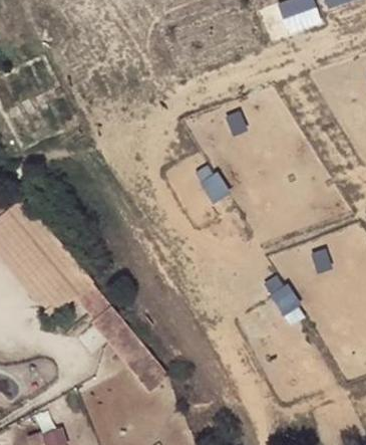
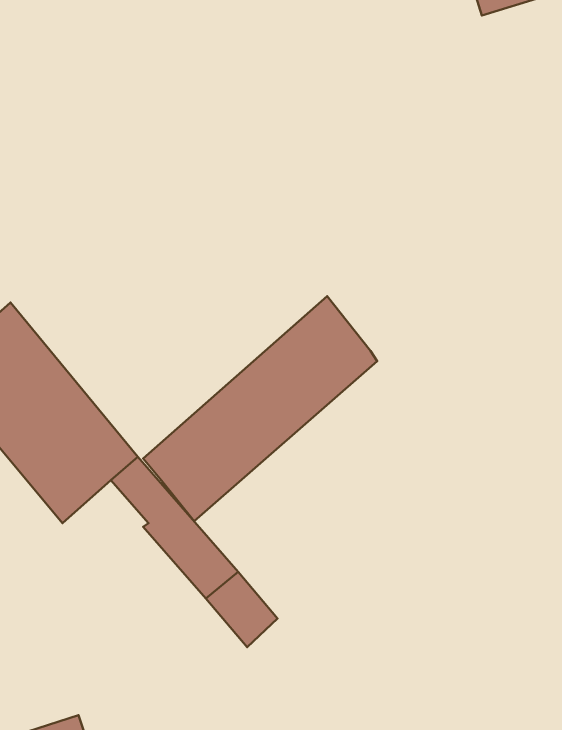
building: none -> [143,296,377,521]

